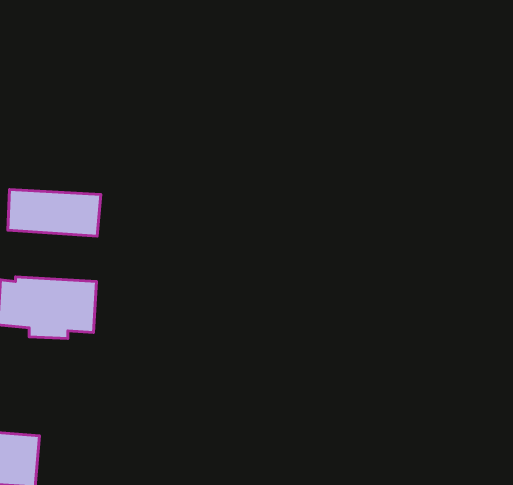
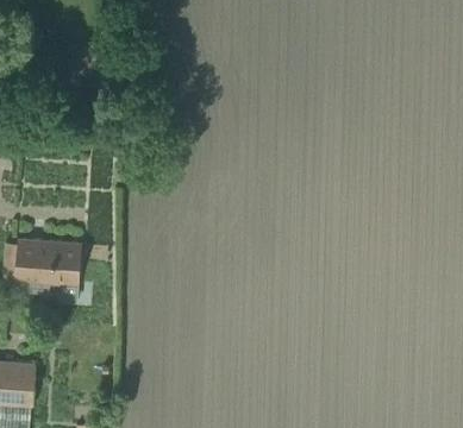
building: [8,189,101,236] -> none

